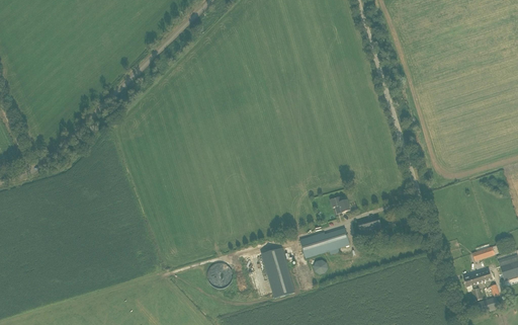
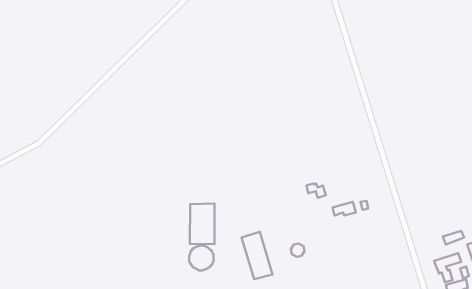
building: none -> [190,203,215,244]
building: [298,227,349,257] -> none

